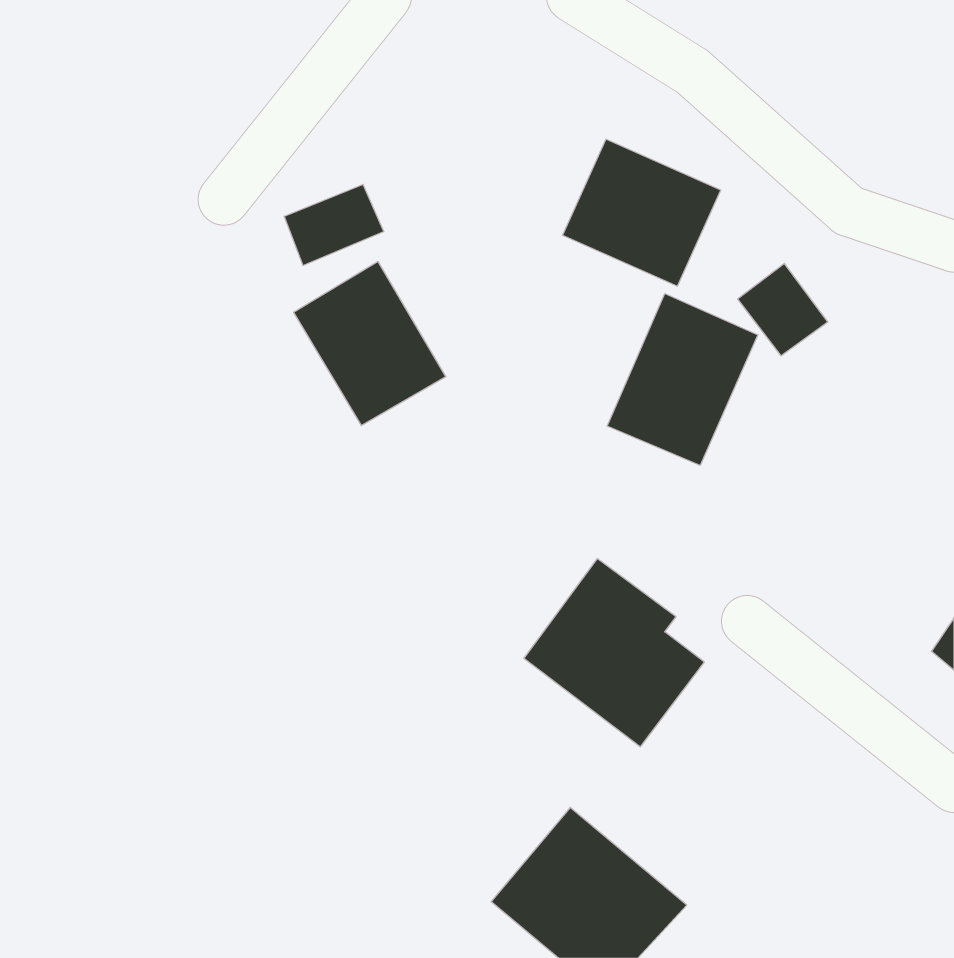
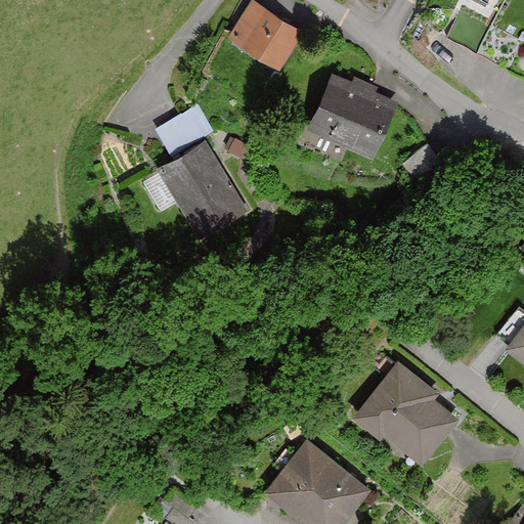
building: none -> [231,5,298,70]
building: [607,294,758,465] -> none
building: [524,559,704,747] -> [357,364,455,467]

